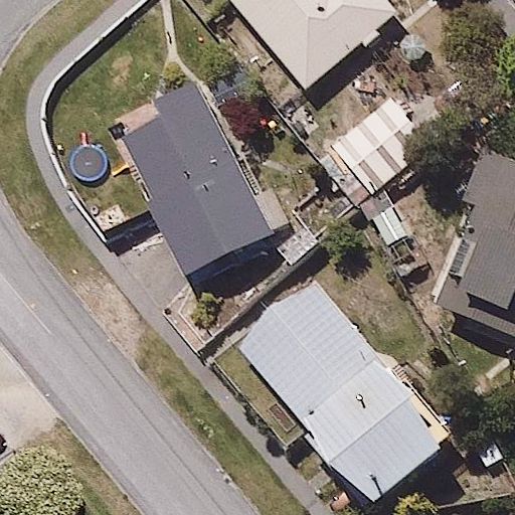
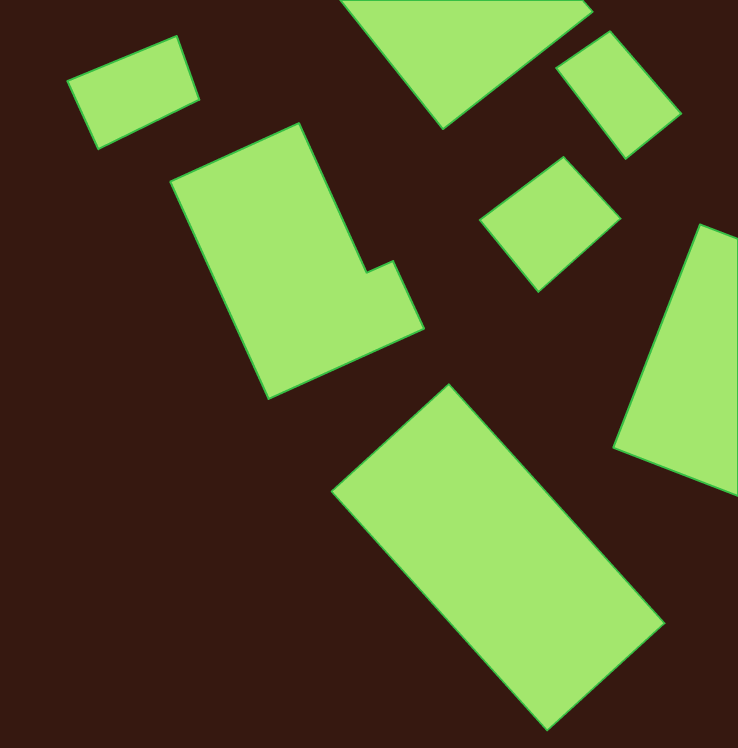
building: none -> [556,31,681,159]
building: none -> [67,36,199,149]

